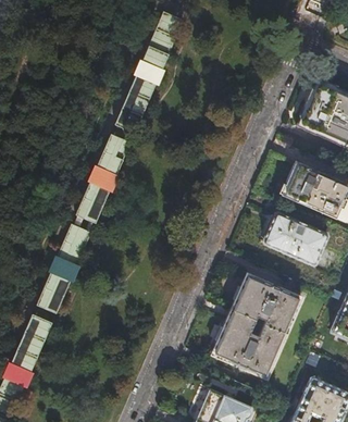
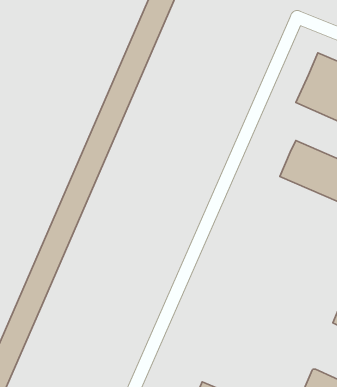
building: [262,212,326,265] -> none
building: [210,274,300,378] -> none

